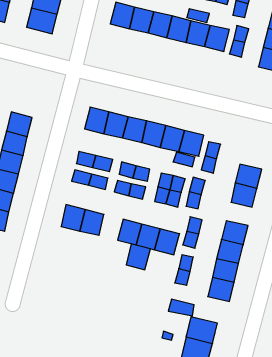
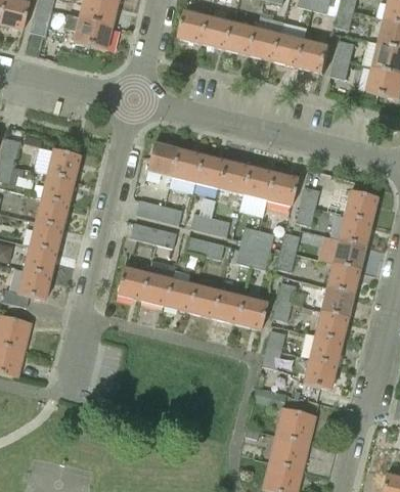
building: none -> [344,190,377,221]
building: none -> [326,263,359,293]
building: [126,244,150,270] -> [165,278,195,311]

